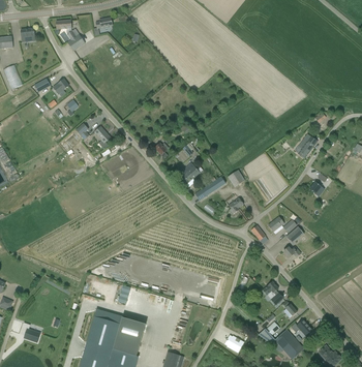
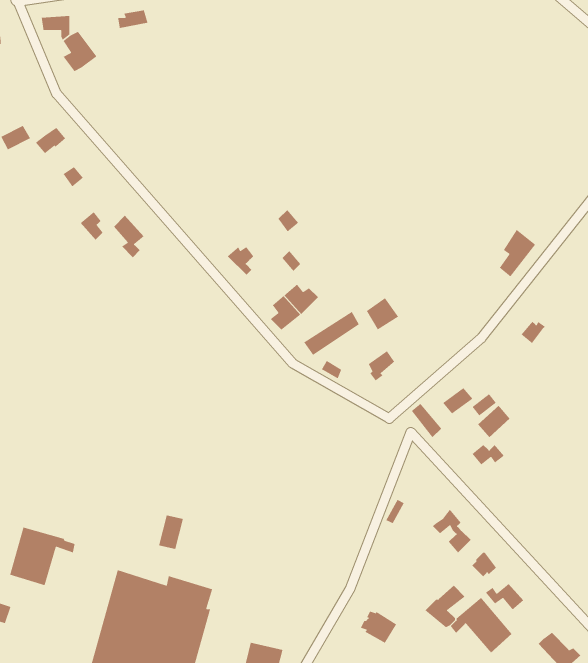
building: none -> [9,526,75,586]

